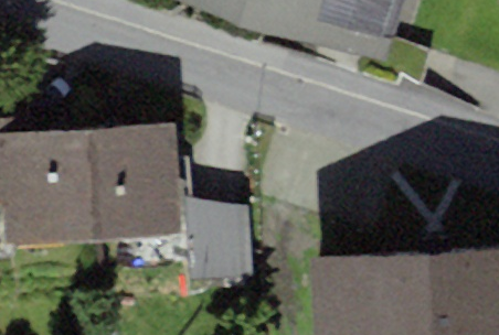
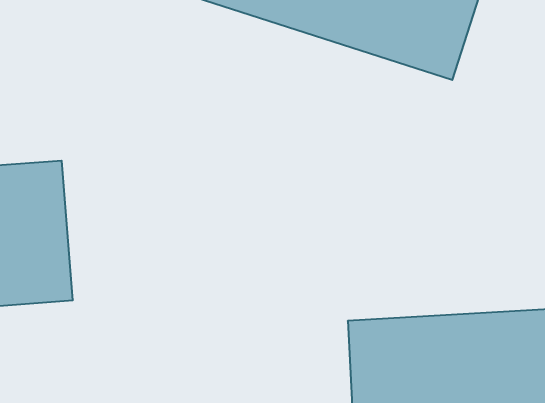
building: [84,125,181,240] -> none
building: [184,198,252,281] -> none

